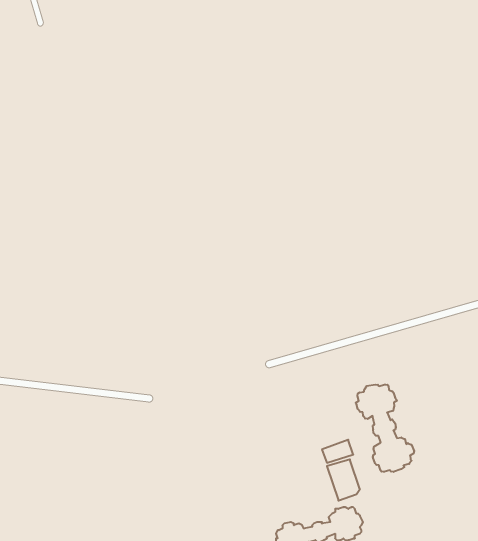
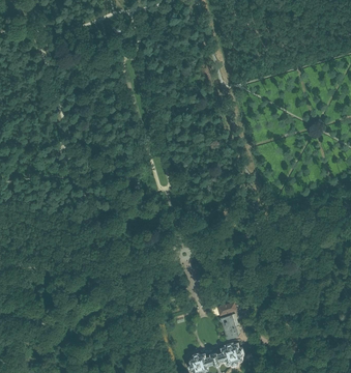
building: [356,384,414,472] -> none

